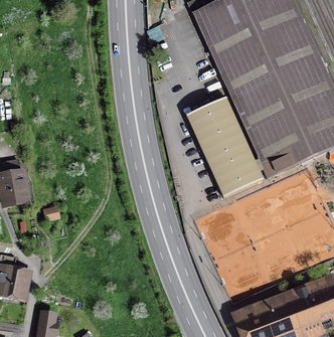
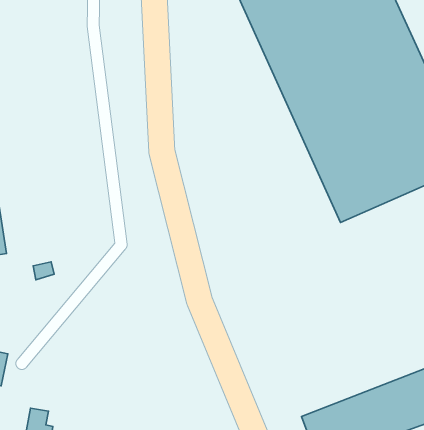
building: [186,96,265,197] -> none

